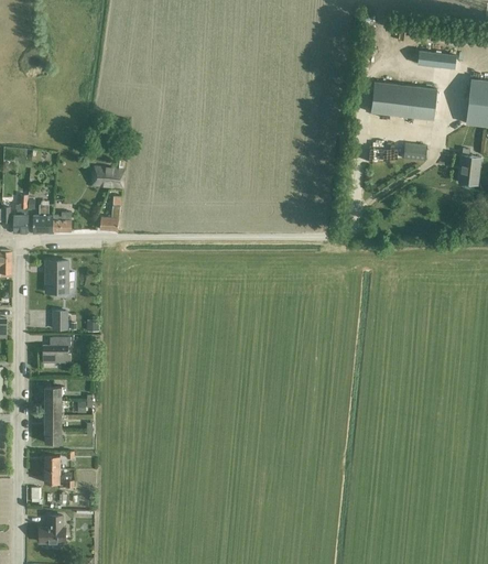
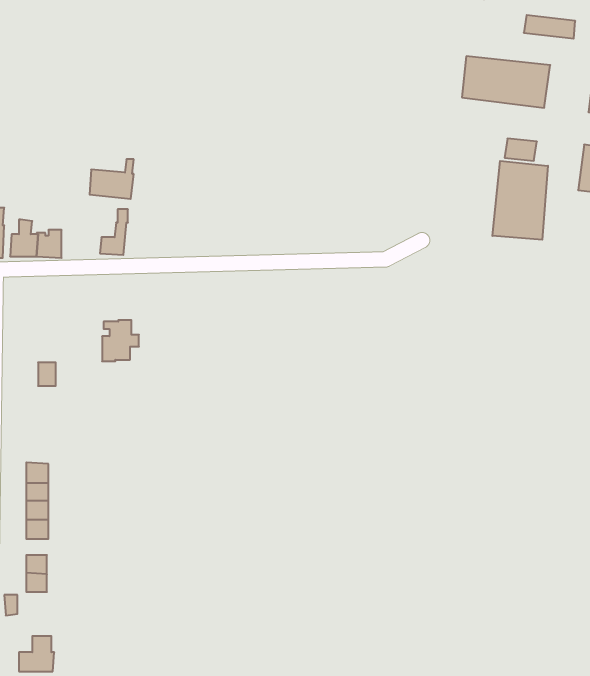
building: none -> [492,161,548,240]
building: [45,262,73,293] -> [102,320,139,361]
building: [42,338,69,364] -> none

